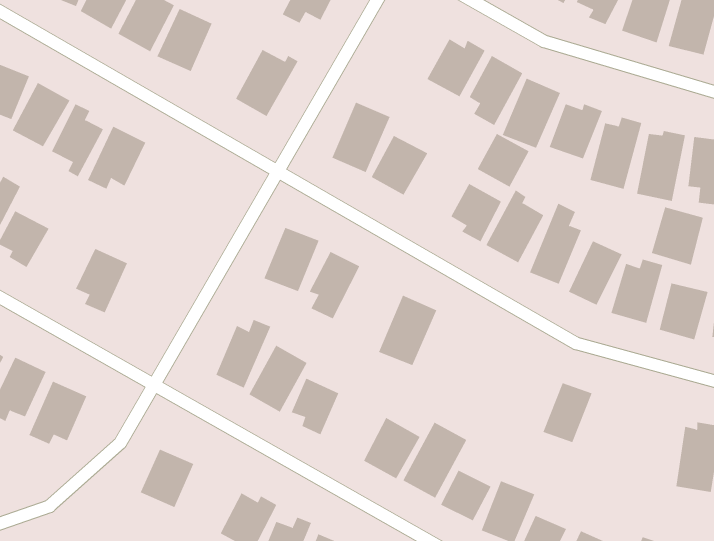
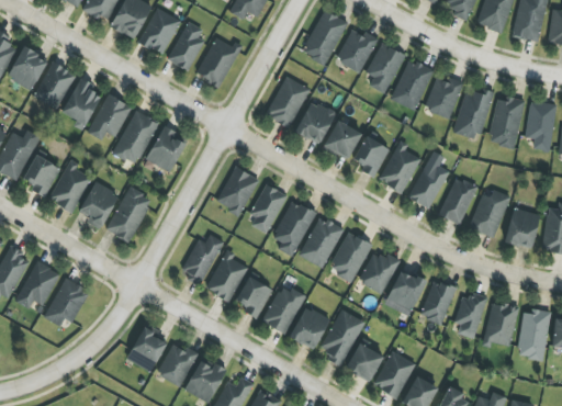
building: none -> [302,9,350,65]
building: none -> [168,21,205,70]
building: [477,133,530,187] -> [324,120,362,159]
building: none -> [114,110,159,165]
building: none -> [146,125,186,172]
building: [651,206,703,265] -> none
building: none -> [50,159,91,212]
building: none -> [109,187,151,241]
building: none -> [273,200,316,257]
building: none -> [329,232,372,282]
building: none -> [359,252,401,294]
building: none -> [385,270,426,316]
building: none -> [263,284,304,334]
building: none -> [454,292,487,338]
building: none -> [484,302,519,348]
building: none -> [158,343,198,386]

